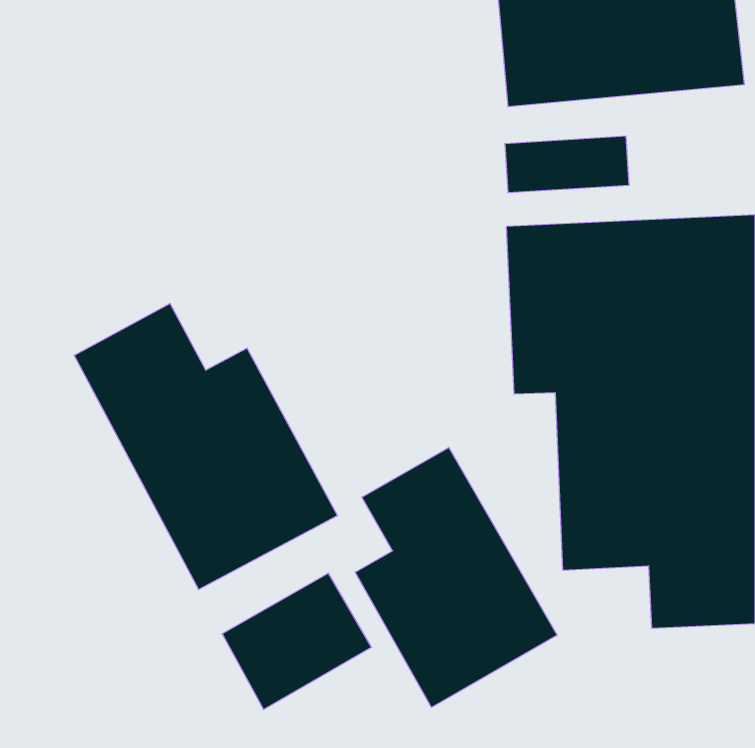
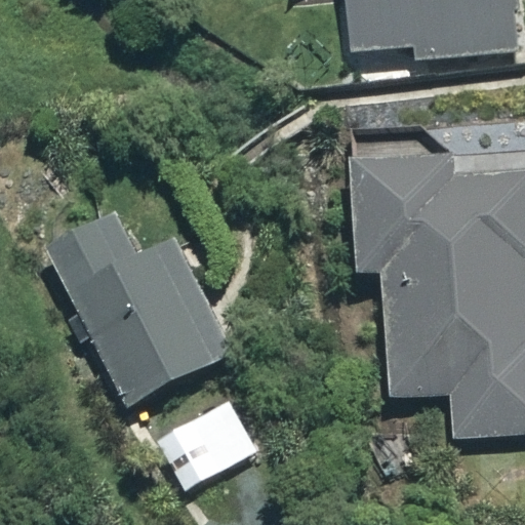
building: [355,447,557,707] -> none

